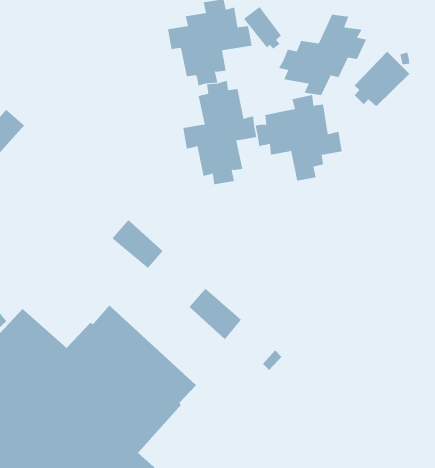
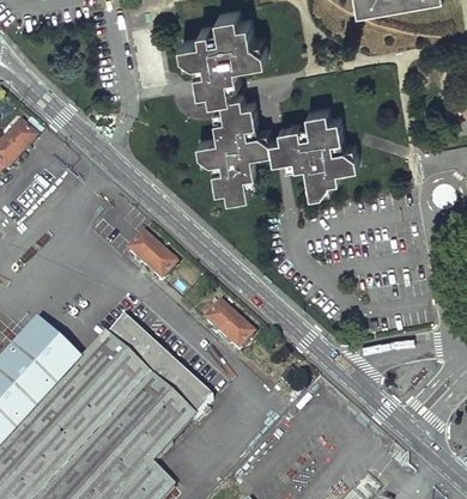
building: [243,6,282,50] -> none
building: [278,14,367,96] -> none
building: [354,51,410,107] -> none

